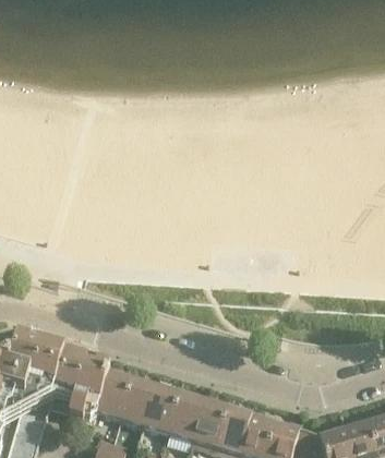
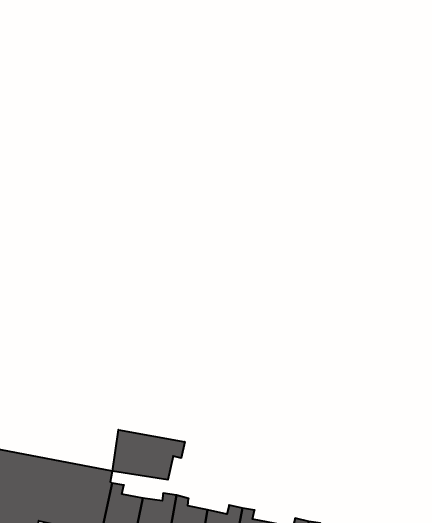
building: none -> [112,430,185,480]

